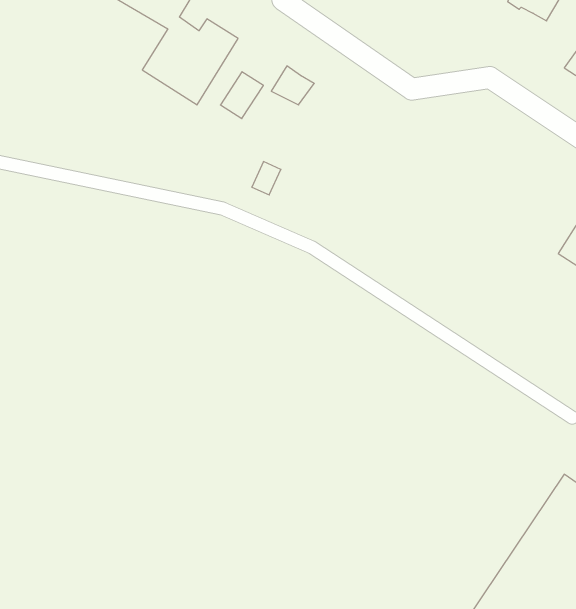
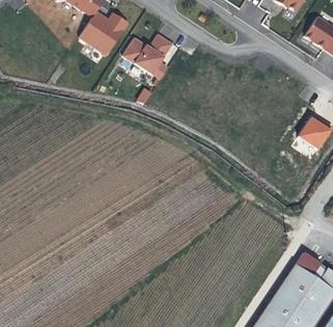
building: none -> [132,46,162,75]

